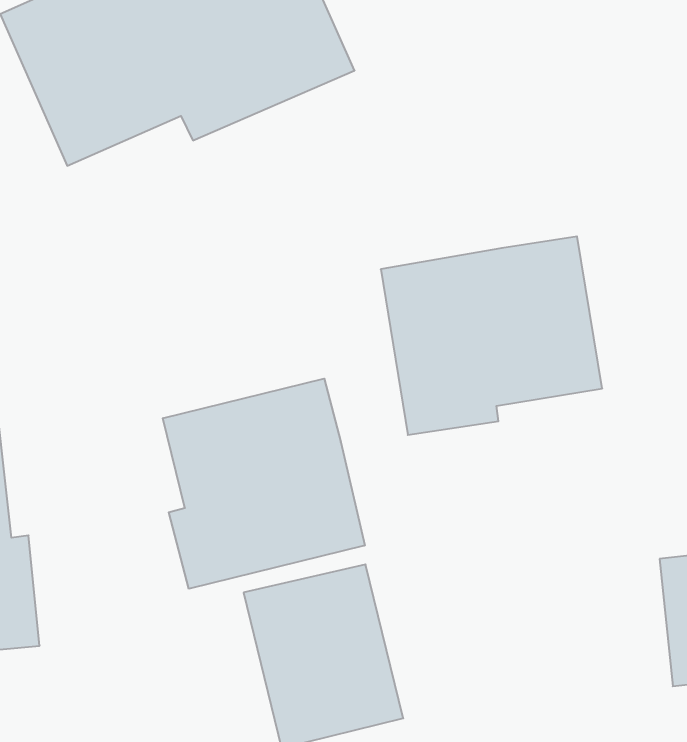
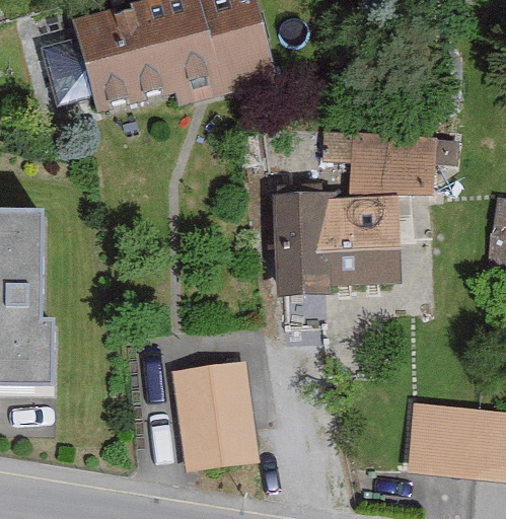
building: none -> [324,129,437,194]
building: [163,379,365,589] -> none

